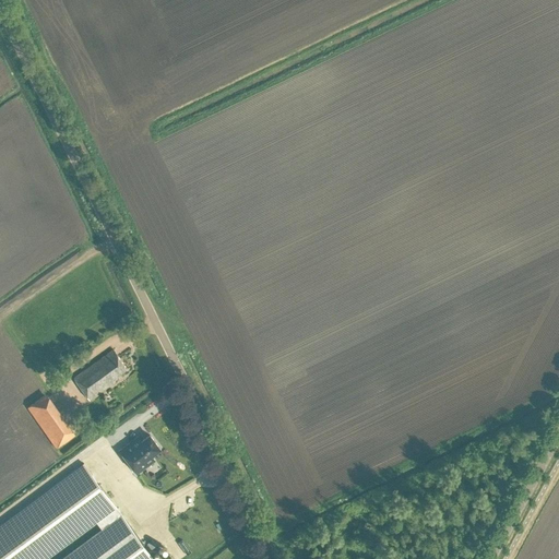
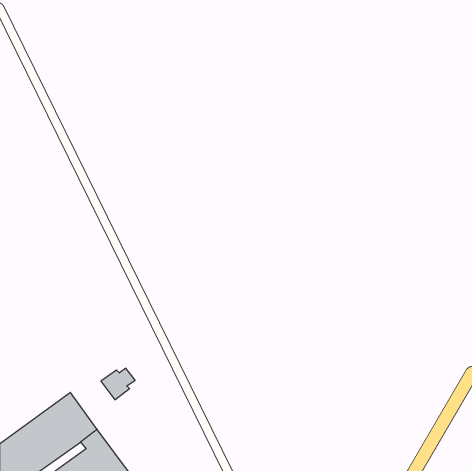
building: [72,352,127,402] -> none
building: [27,396,74,450] -> none

